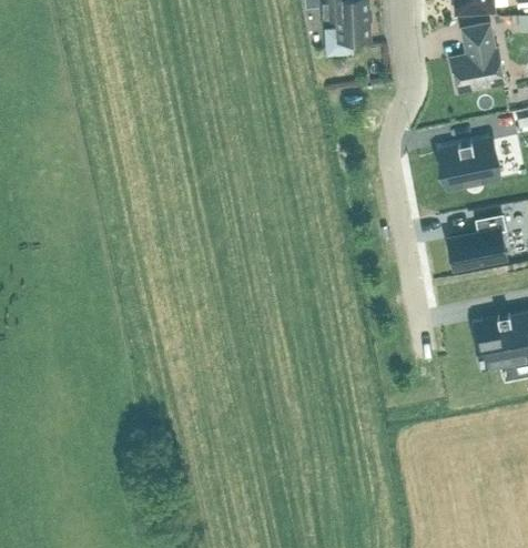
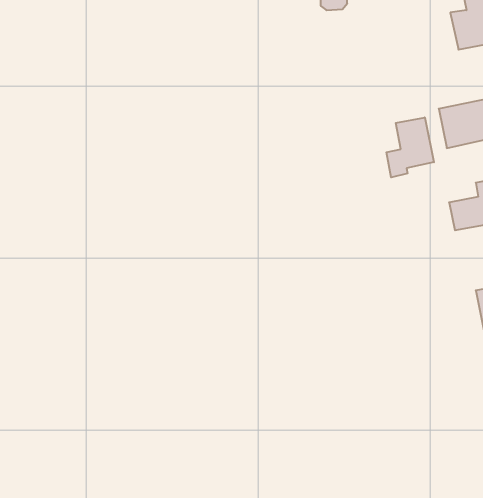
building: none -> [386,117,434,177]

